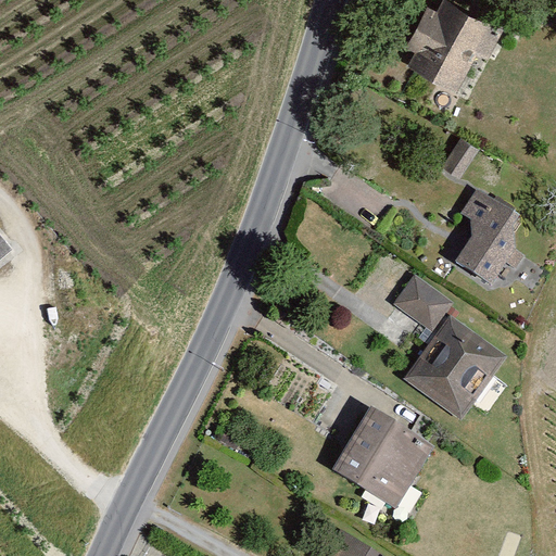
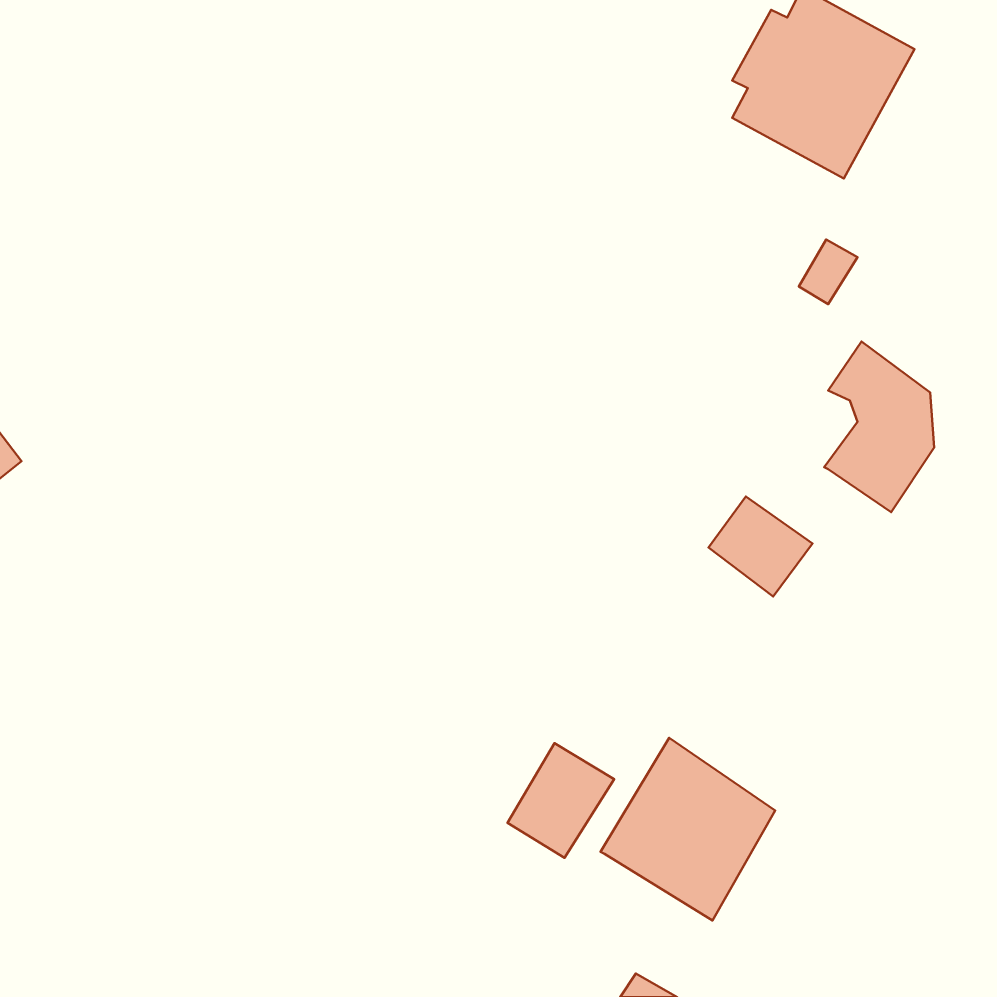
building: [405,317,503,418] -> none
building: none -> [507,743,614,858]

